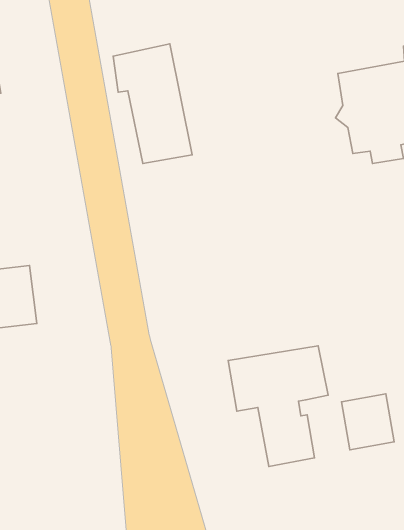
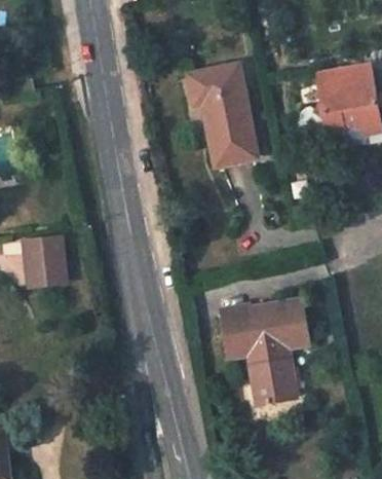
building: [113,44,192,163] -> [190,65,256,164]
building: [341,394,394,450] -> none

